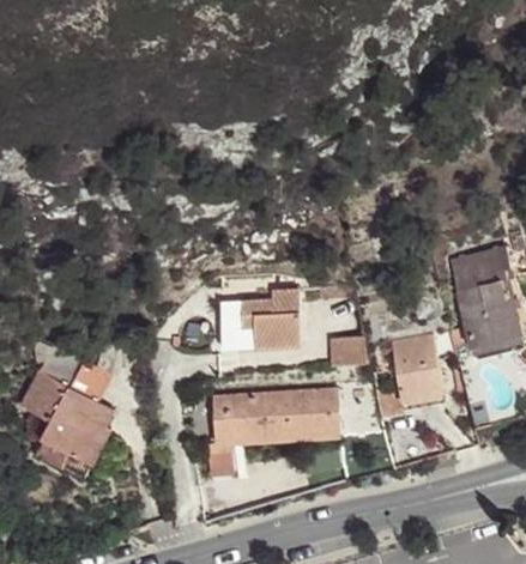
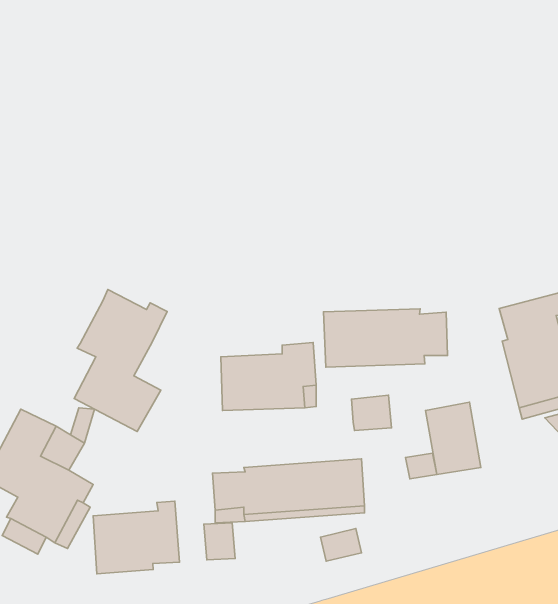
building: none -> [74,289,167,432]
building: none -> [324,309,447,367]
building: none -> [93,501,179,574]

